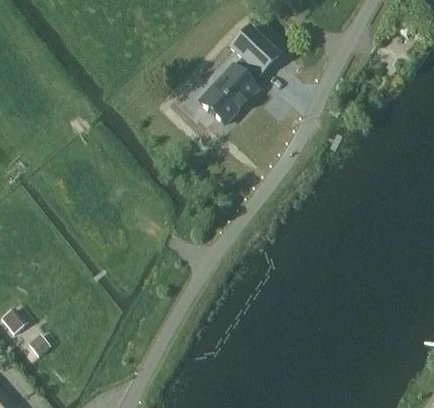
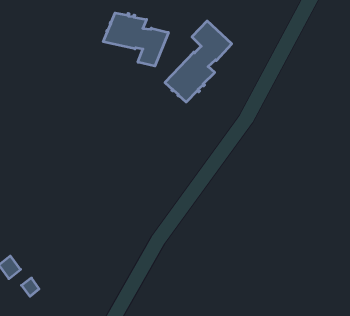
building: none -> [103,13,168,66]

